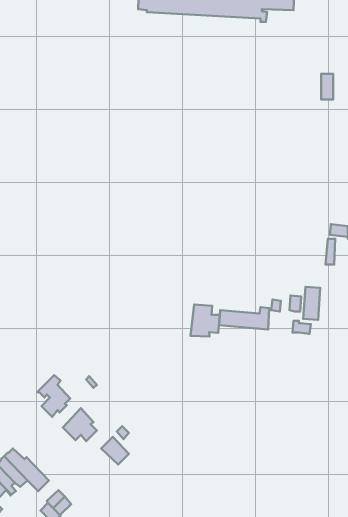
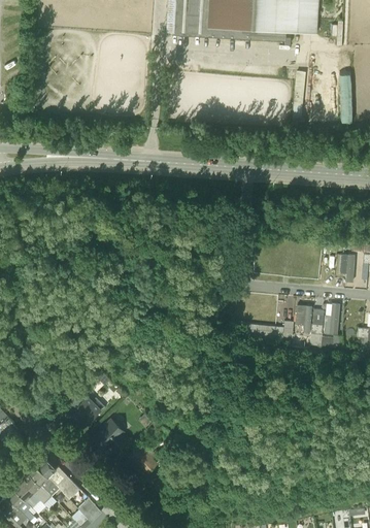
building: [191,304,220,337] -> none

